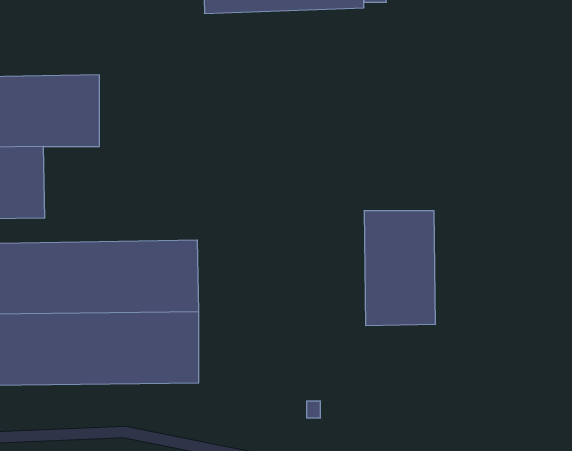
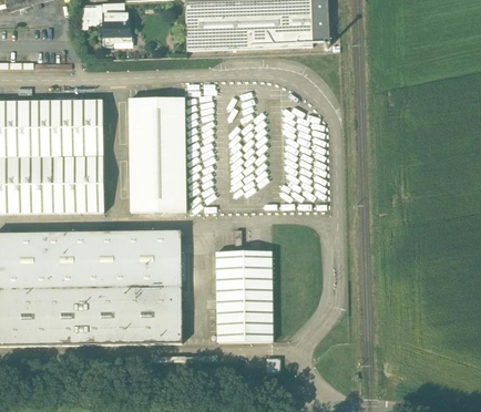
building: none -> [127,96,185,210]
building: none -> [58,155,103,212]
building: [364,211,436,326] -> [215,250,272,341]

